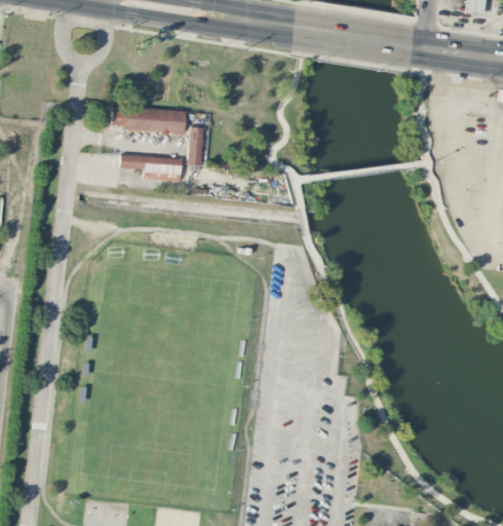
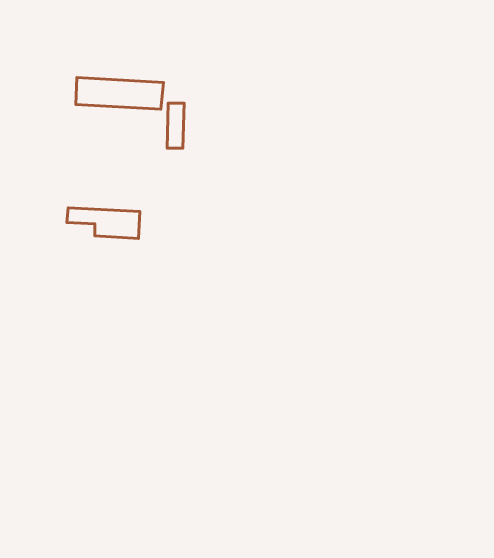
building: [119,155,181,181] -> [67,208,140,238]

